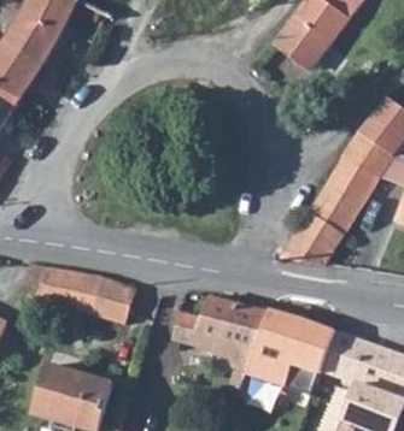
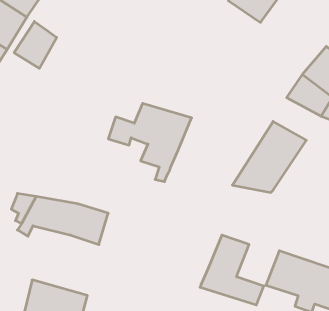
building: none -> [14,21,57,68]
building: [326,154,381,203] -> none
building: [170,296,267,386] -> [108,103,192,182]
building: [283,320,333,373] -> none

